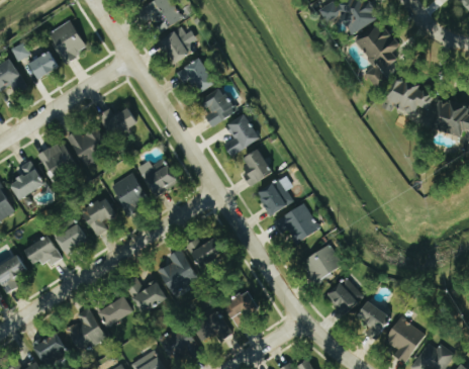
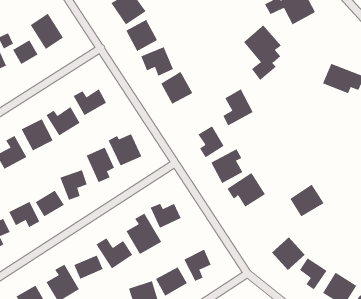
building: [355,21,399,86] -> [243,24,282,81]
building: [223,112,259,156] -> [223,88,253,126]
building: [302,243,343,281] -> [289,184,325,217]

